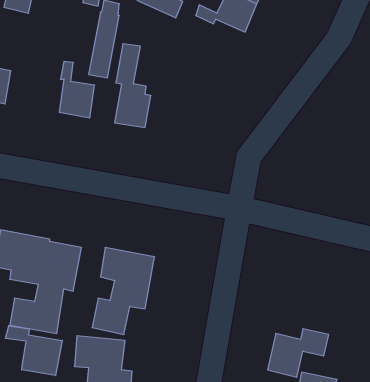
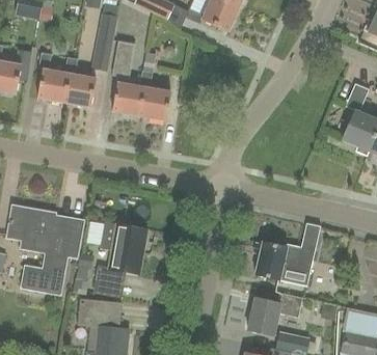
building: none -> [37,52,69,102]
building: none -> [140,70,171,120]
building: none -> [255,223,320,284]
building: [5,326,62,376] -> none

